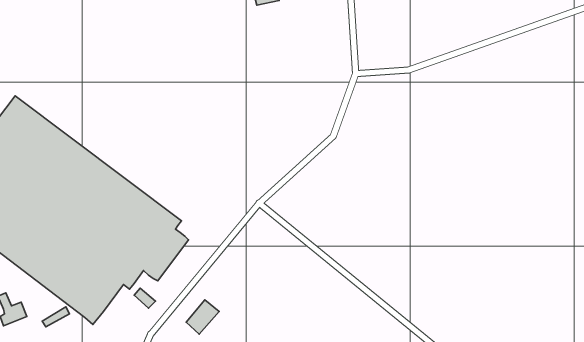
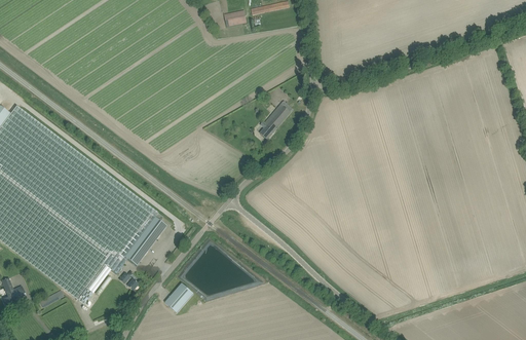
building: none -> [258,100,292,139]

